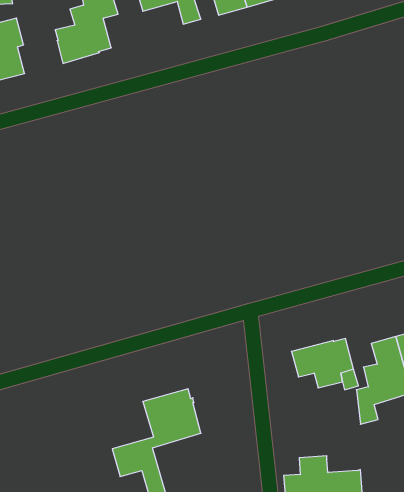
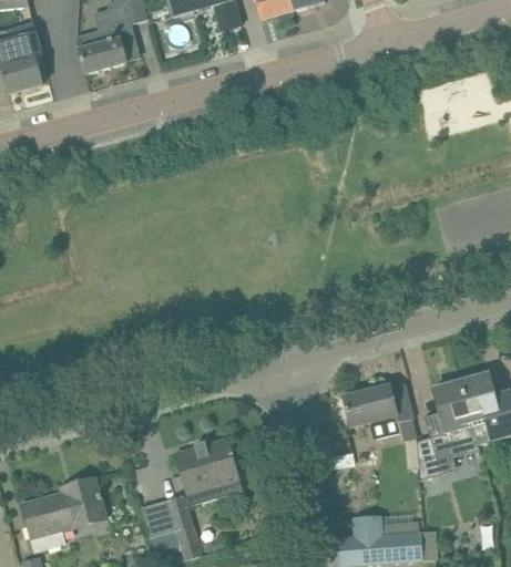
building: none -> [22,476,105,549]

